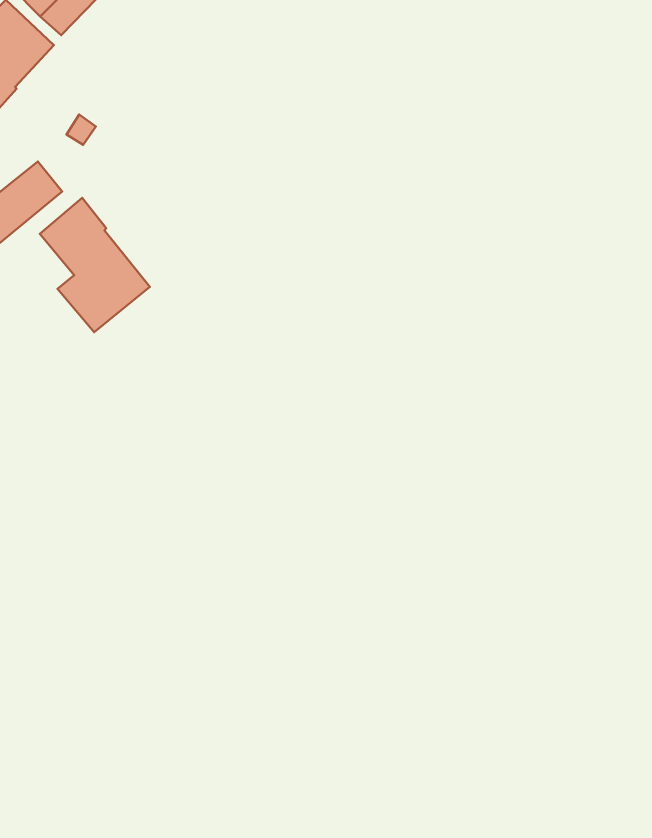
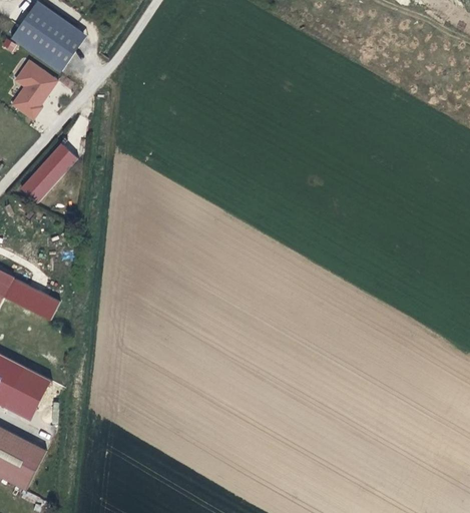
building: [40,198,150,332] -> none

